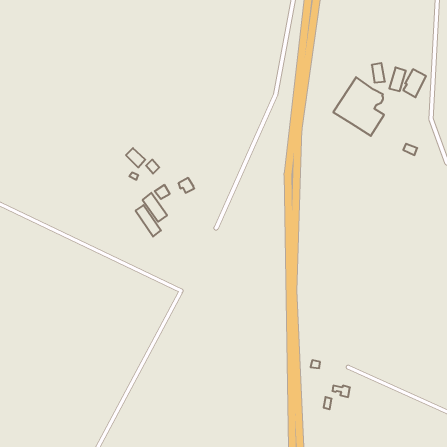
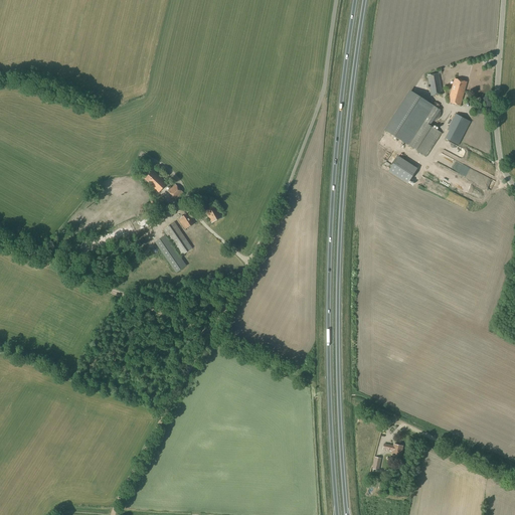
building: [403,69,426,97] -> [445,113,471,145]
building: none -> [388,155,416,181]

